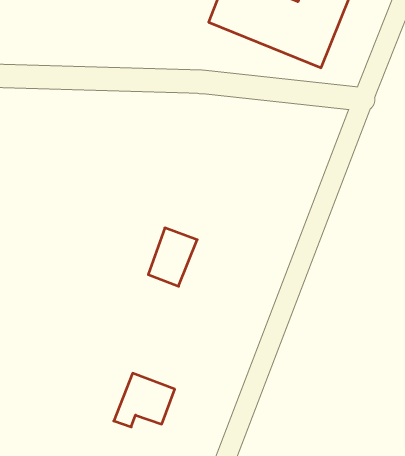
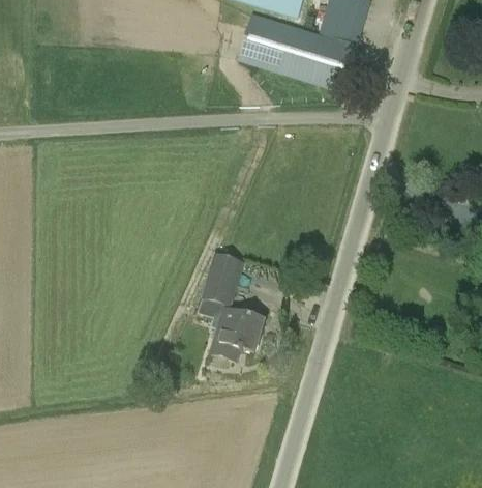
building: [114,373,175,427] -> [210,308,264,357]

